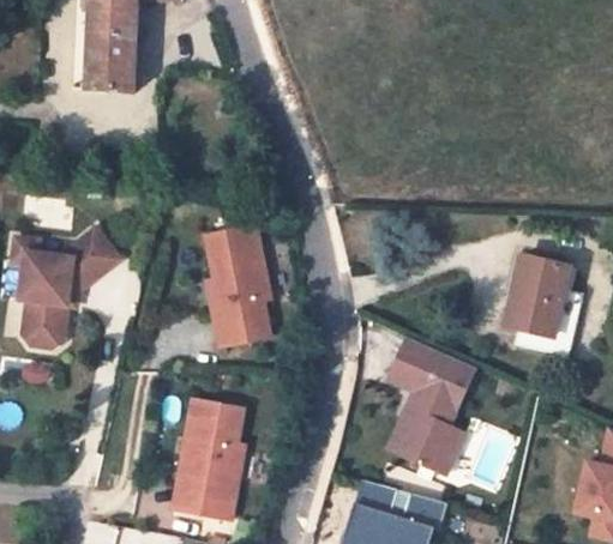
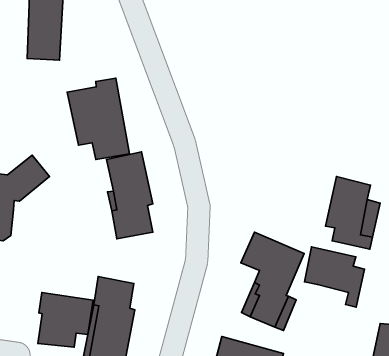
building: none -> [67,78,129,160]
building: none -> [305,247,365,307]
building: none -> [38,292,93,347]

